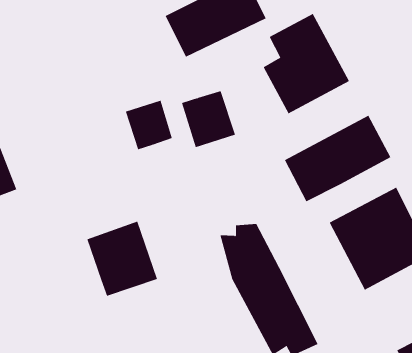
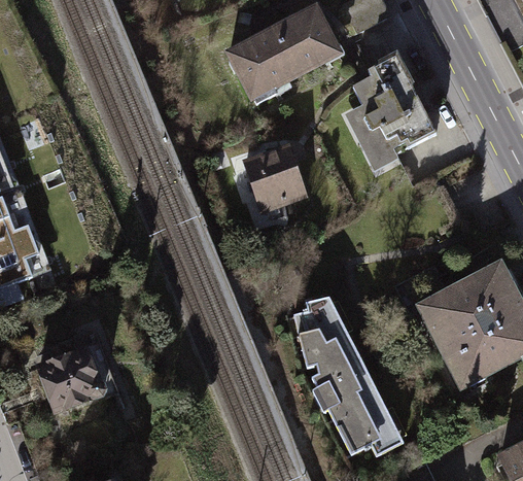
building: [125,100,173,150] -> none
building: [284,115,391,202] -> none
building: [87,221,158,296] -> [36,333,120,422]

